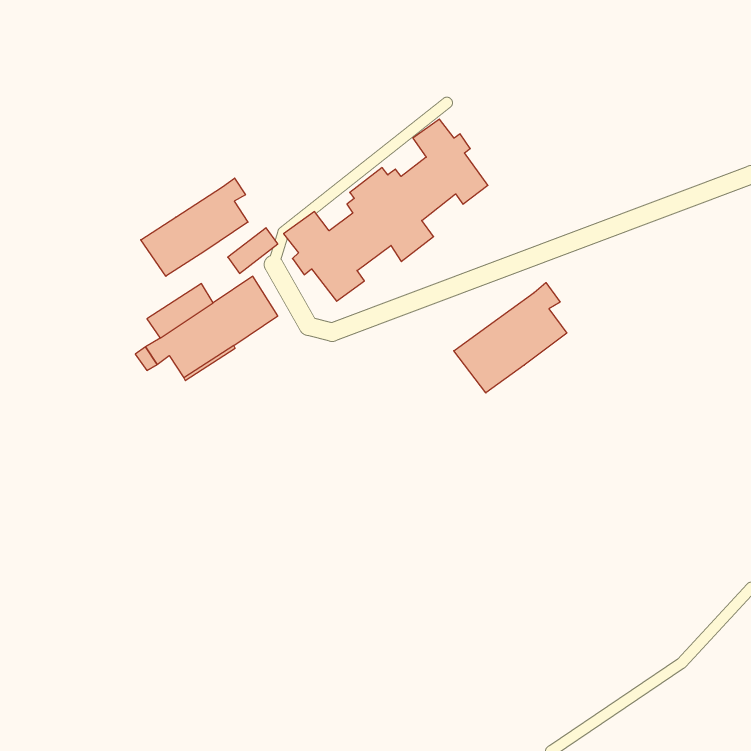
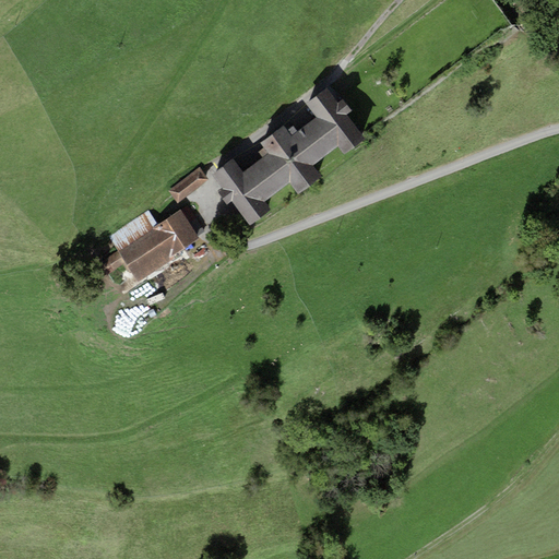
building: [141,178,248,276] -> none
building: [454,283,567,393] -> none

